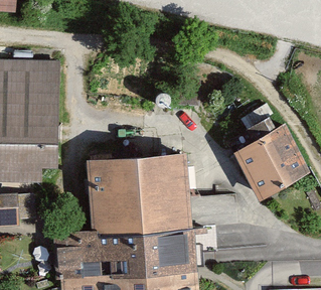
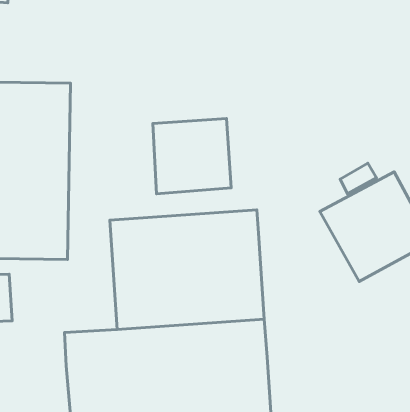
building: none -> [153,119,231,194]

